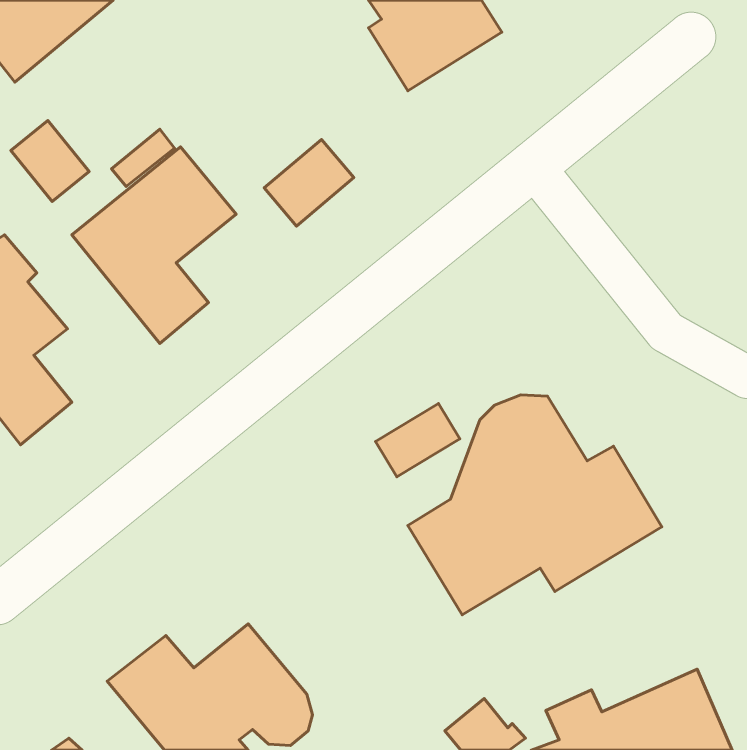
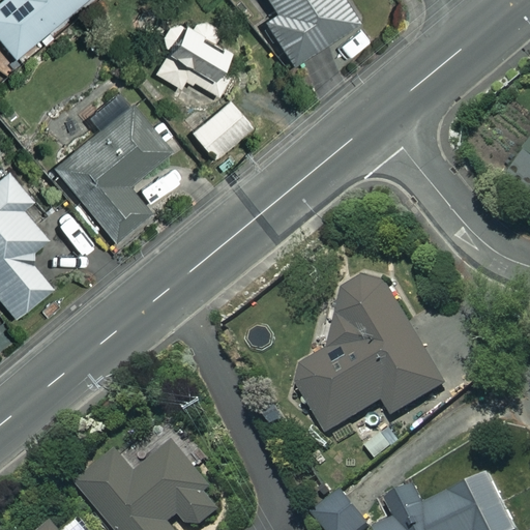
building: none -> [151,16,227,96]
building: [11,120,89,201] -> none
building: [375,404,460,477] -> none

